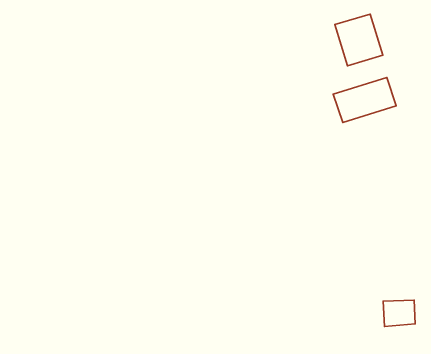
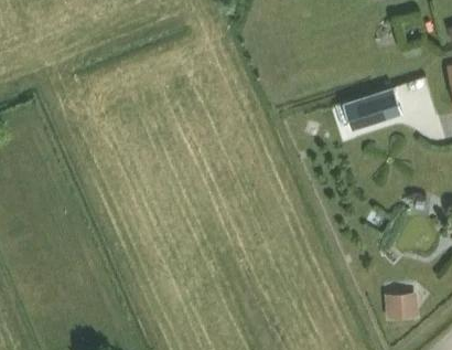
building: [335,14,383,66] -> none

